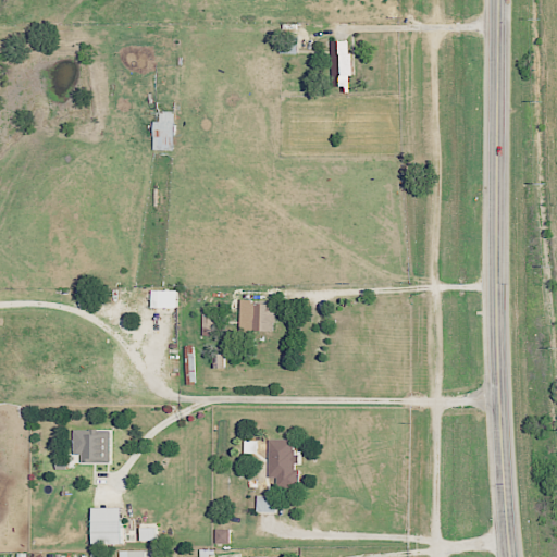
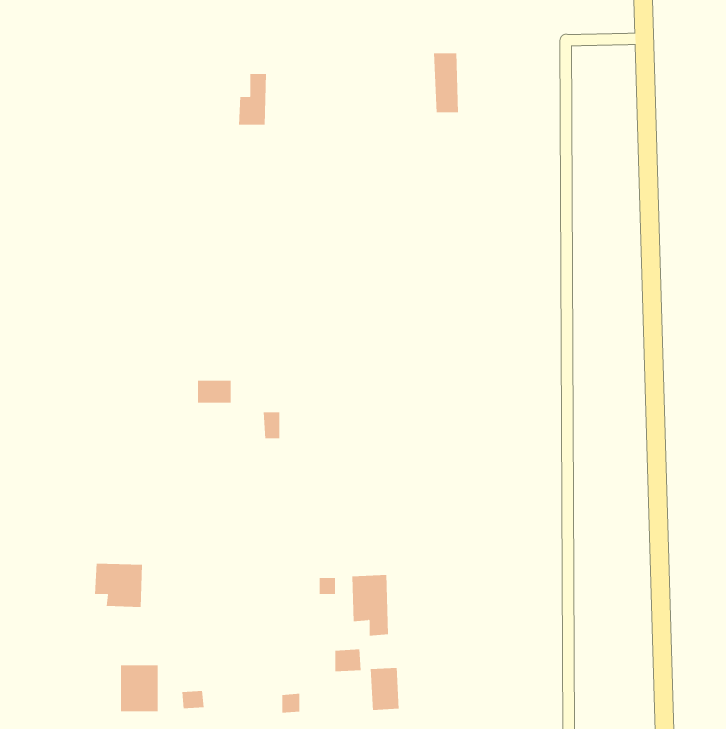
building: [151,112,173,151] -> [238,74,267,125]
building: [238,301,274,331] -> none
building: none -> [370,667,399,711]

